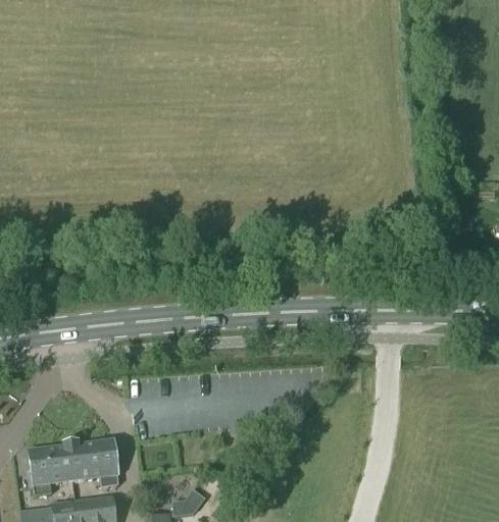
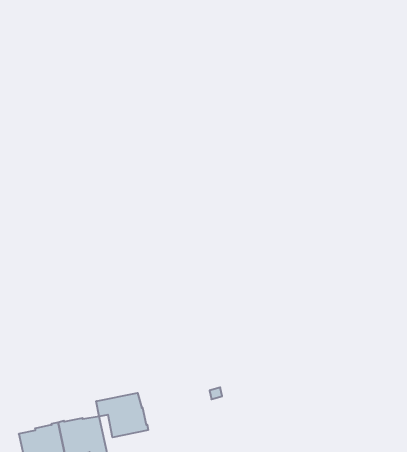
building: none -> [96,393,148,437]

